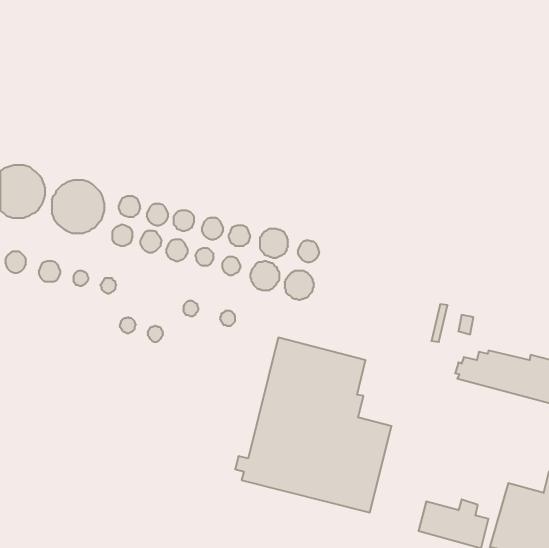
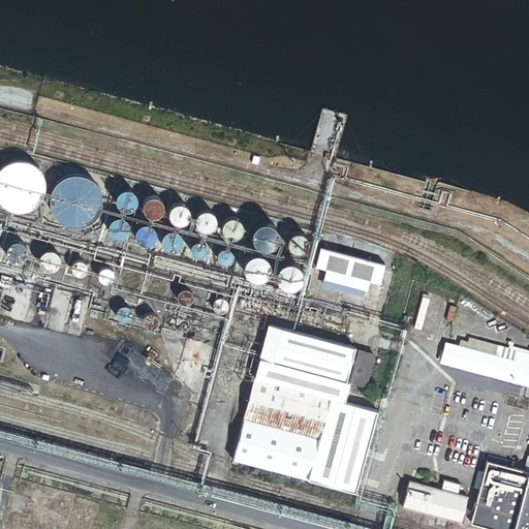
building: none -> [316,251,386,300]
building: none -> [351,352,373,388]

